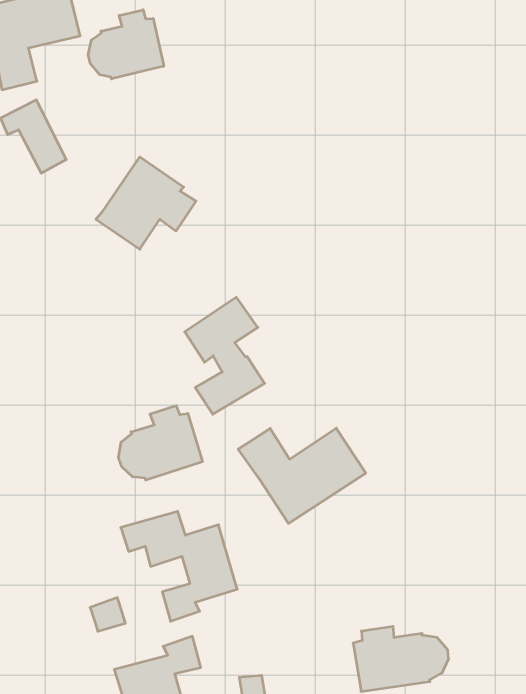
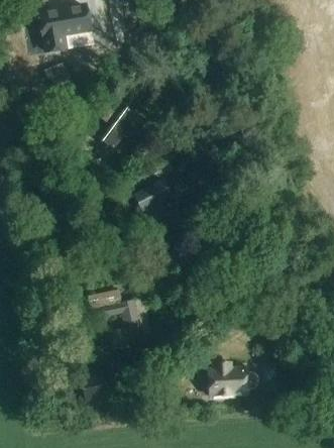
building: [88,10,164,79] -> none
building: [118,406,202,480] -> none
building: [238,428,366,523] -> none

